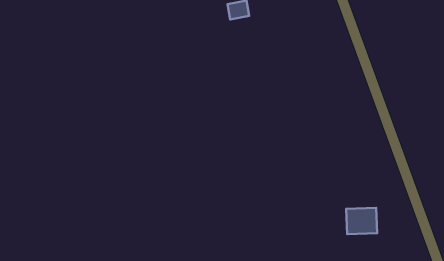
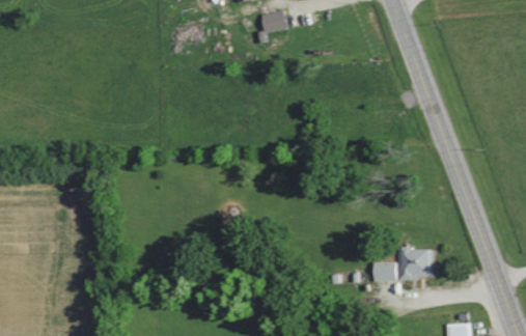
building: none -> [372,260,396,280]

